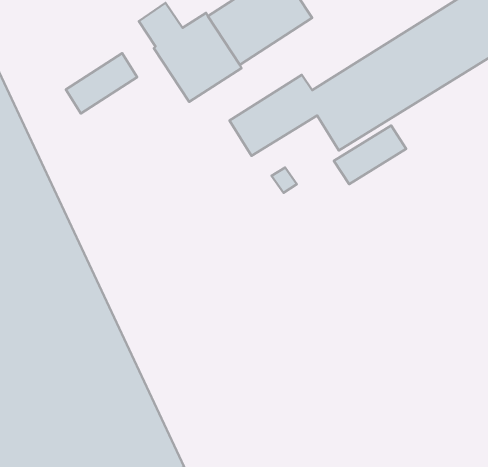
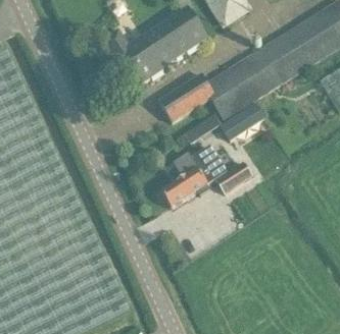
building: [66,53,137,114] -> none
building: none -> [160,145,251,208]

